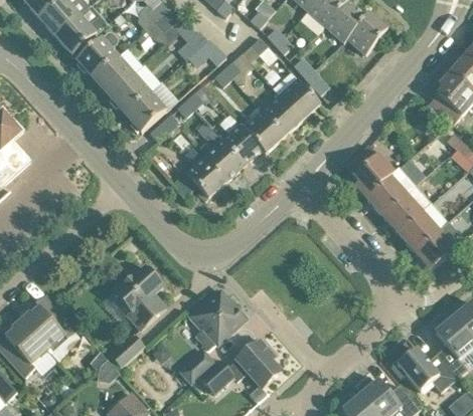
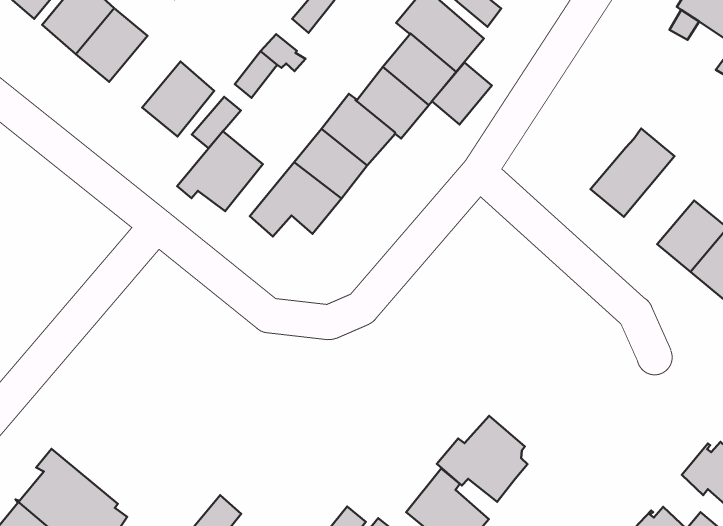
building: [108,74,149,114] -> none
building: none -> [432,62,492,125]
building: none -> [177,131,263,211]
building: [345,146,393,197] -> none
building: [381,186,431,233] -> none
building: [112,266,165,330] -> none
building: [187,293,238,342] -> [437,416,528,502]

